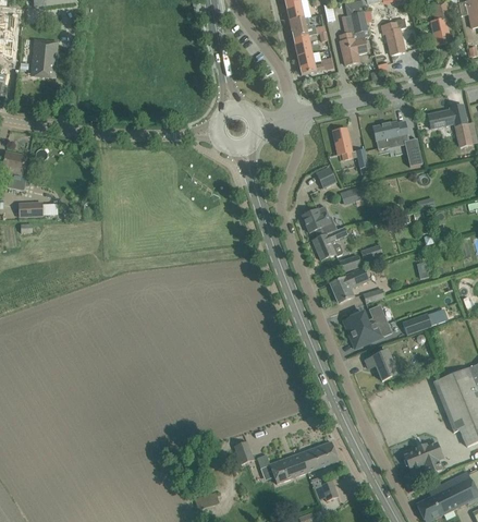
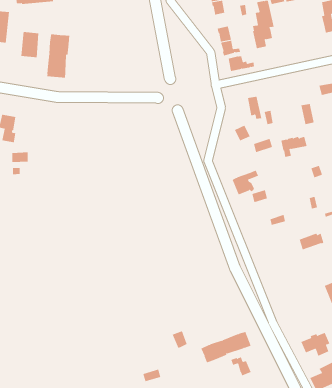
building: [290,17,326,38] -> [228,56,255,72]
building: [381,19,406,54] -> none
building: none -> [47,33,70,79]
building: [372,121,408,149] -> [280,136,307,158]
building: [303,206,336,236] -> none
building: [331,267,369,303] -> none
building: [346,305,392,348] -> none
building: [366,351,396,380] -> none

